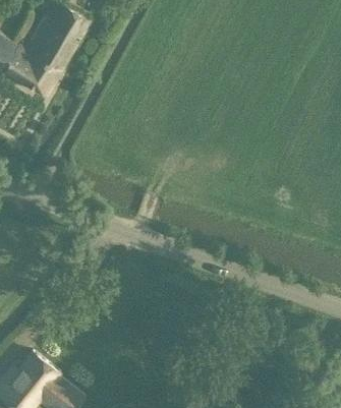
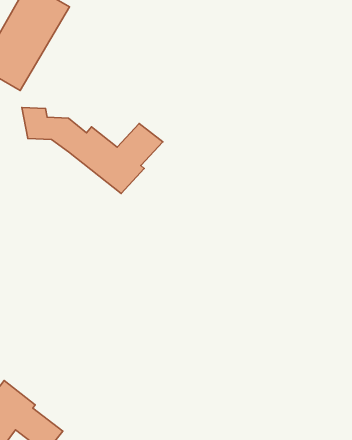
building: none -> [22,108,163,194]

